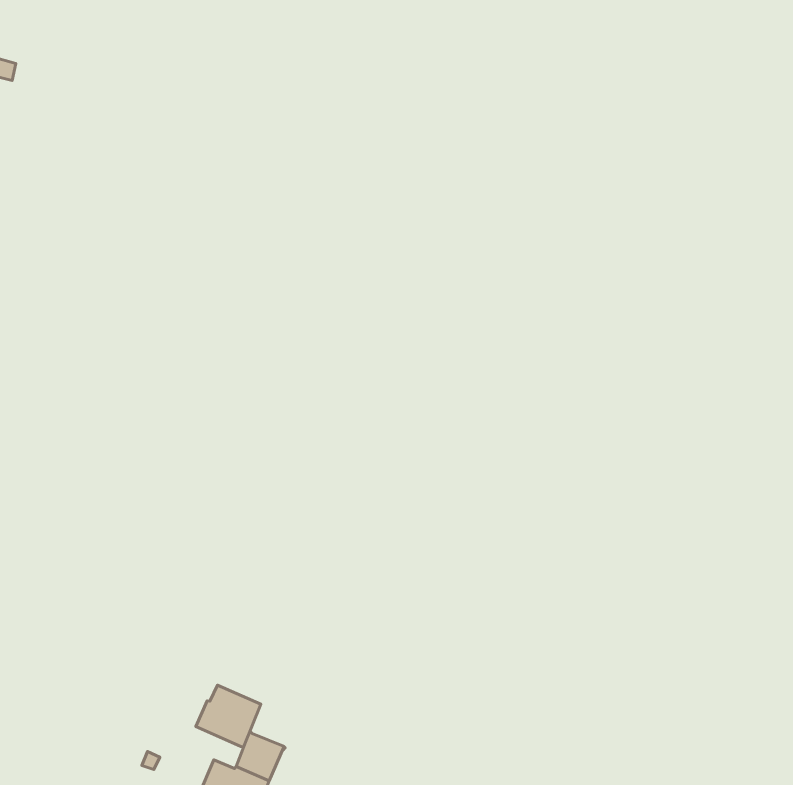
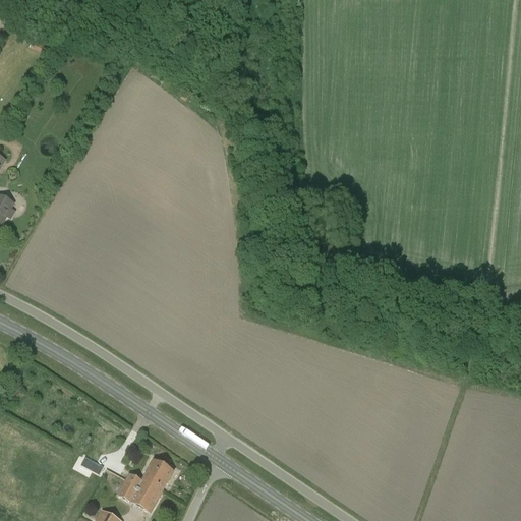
building: [196,685,261,747] -> none

